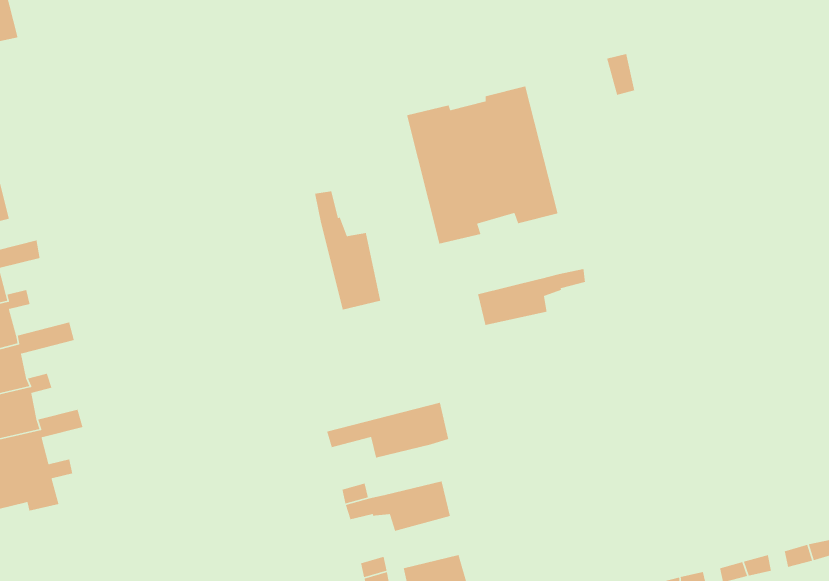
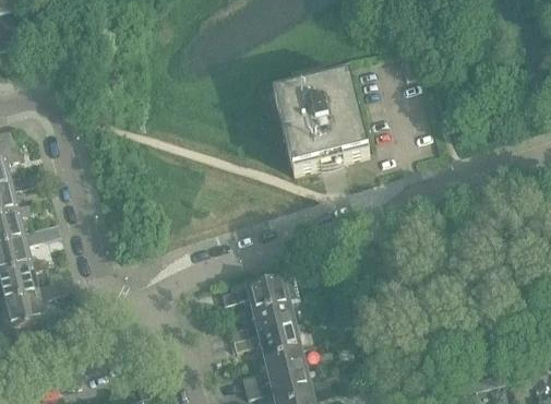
building: [314,191,381,311] -> none
building: [477,268,586,326] -> none
building: none -> [251,299,294,331]
building: none -> [263,345,304,378]

